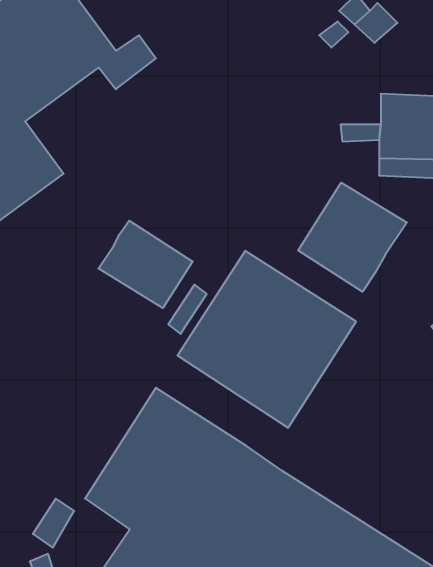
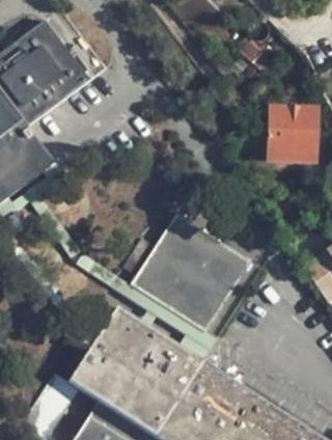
building: [298,183,407,292] -> none
building: [98,221,193,308] -> none

